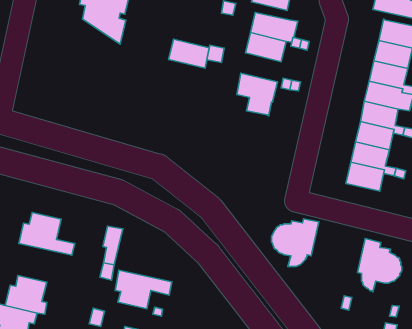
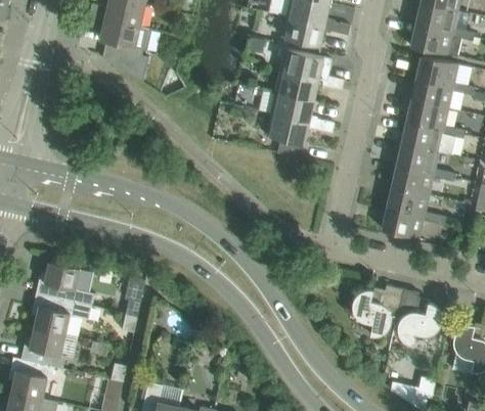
building: [169,39,209,68] -> [270,92,313,123]
building: [272,219,319,266] -> [352,285,402,335]
building: [115,270,172,309] -> [31,293,91,334]

